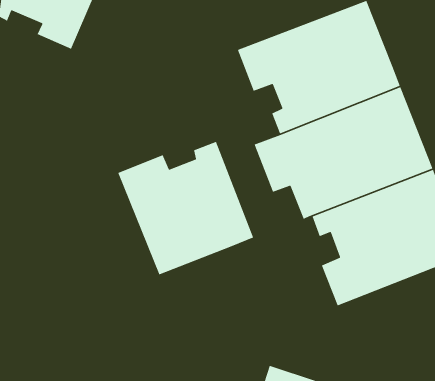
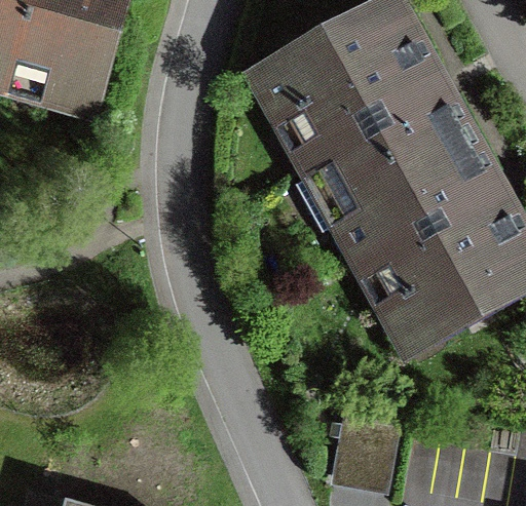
building: [117,141,254,276] -> none

